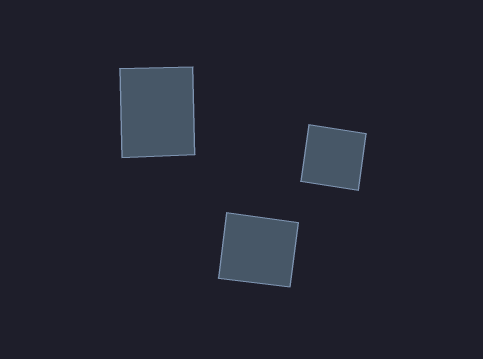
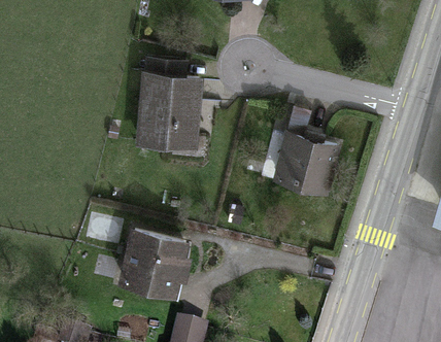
building: [218,213,298,287] -> [120,229,189,294]

